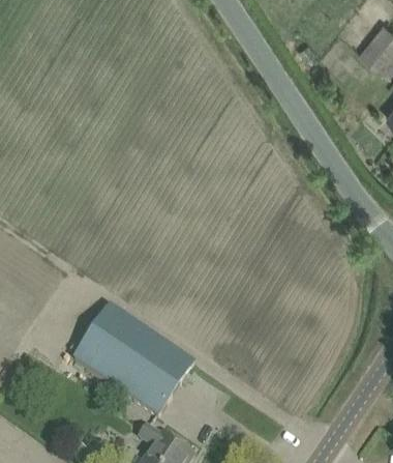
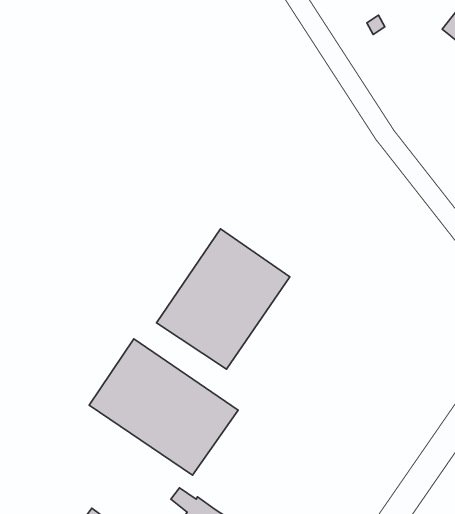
building: none -> [157,229,290,369]

